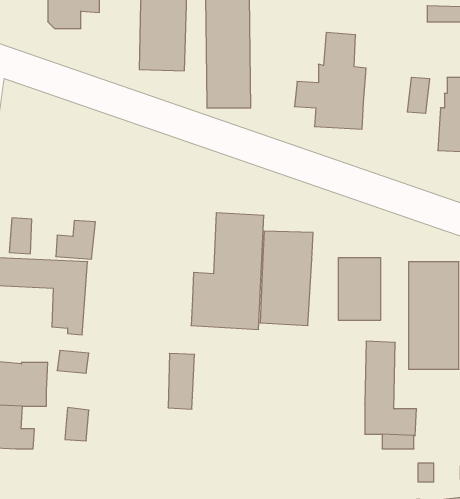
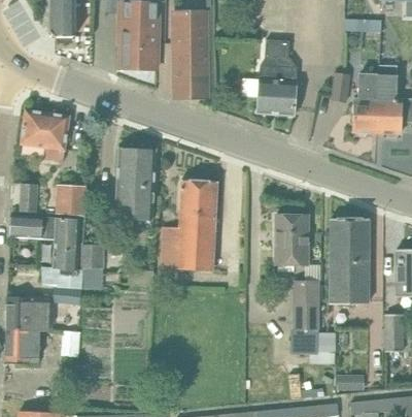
building: none -> [21,109,69,162]
building: [260,231,313,325] -> [114,148,156,221]
building: [168,353,195,409] -> [85,244,106,287]

